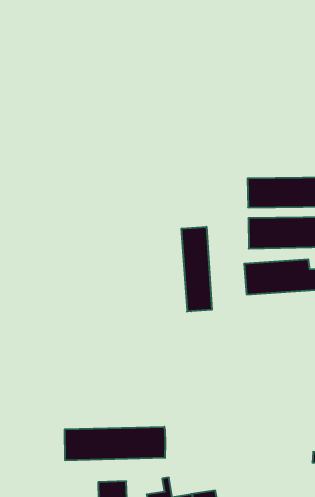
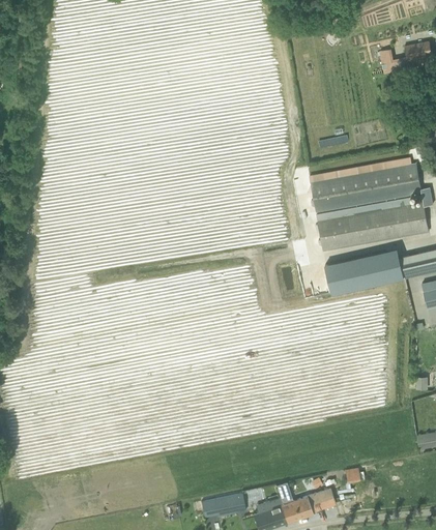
building: [181,227,212,312] -> none
building: [65,427,165,460] -> none

